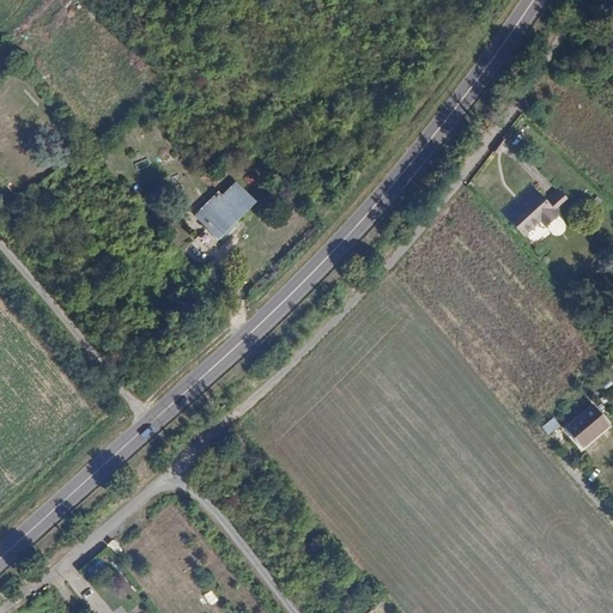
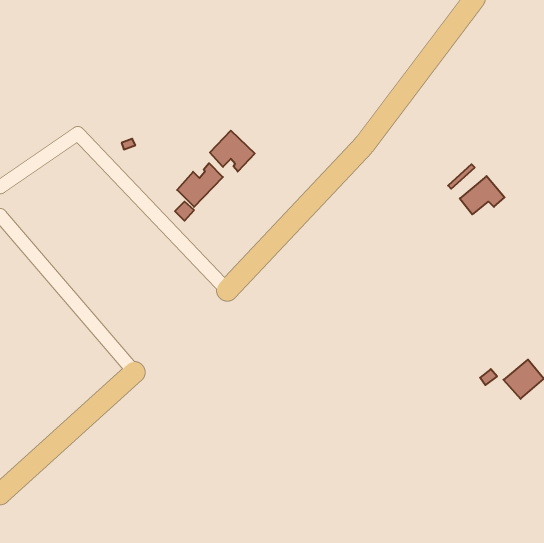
building: none -> [210,131,255,172]

